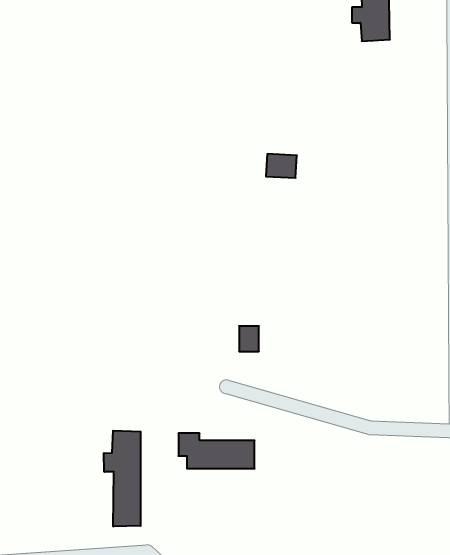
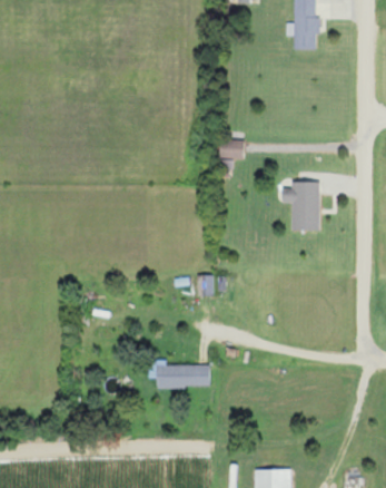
building: none -> [281,182,320,231]
building: [104,431,141,527] -> none

